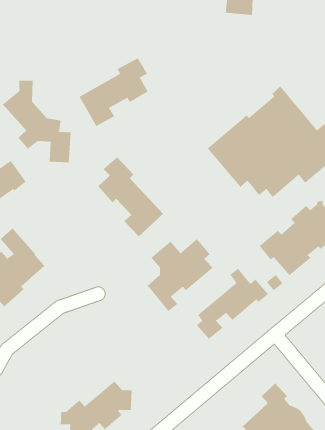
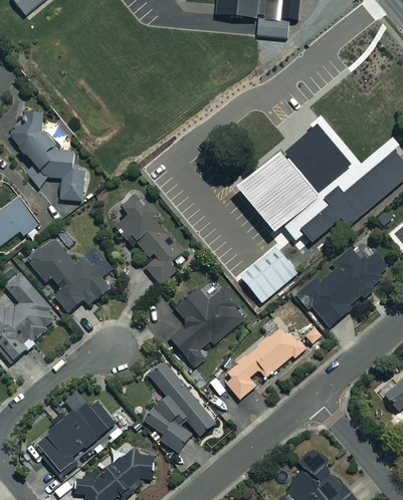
building: [79,57,149,127] -> none
building: none -> [28,239,117,312]
building: none -> [240,247,297,302]
building: none -> [143,362,214,451]
building: none -> [36,393,115,478]

